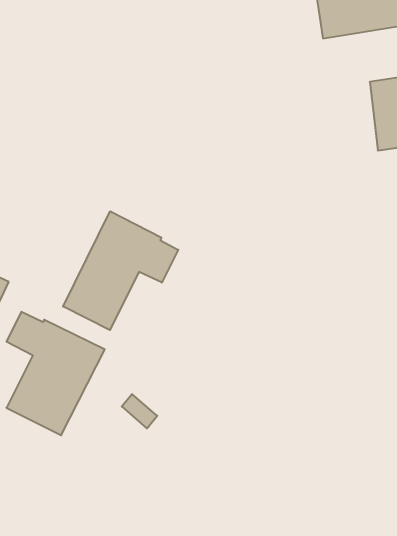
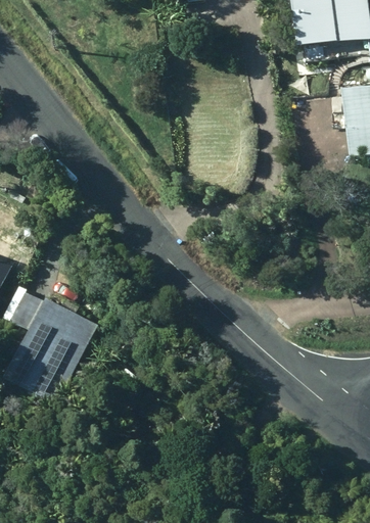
building: [63,211,178,330] -> none

